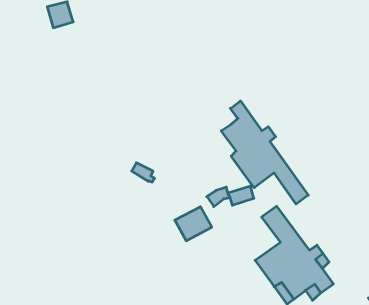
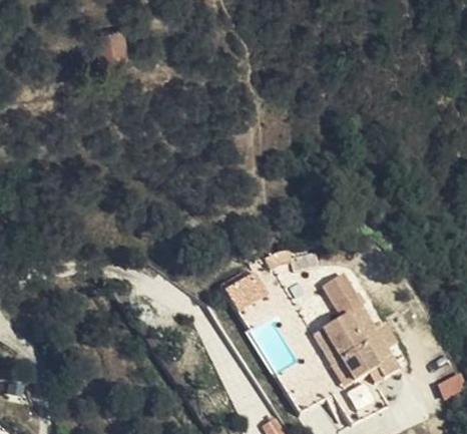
building: [221,101,308,204] -> none

